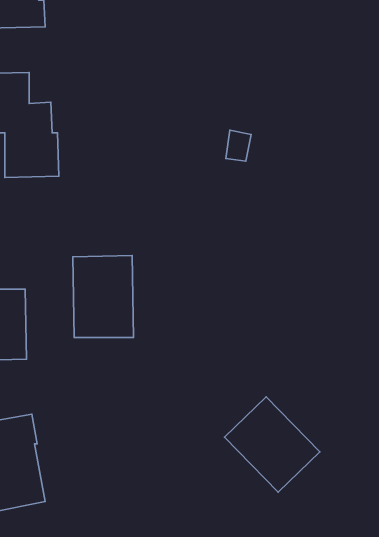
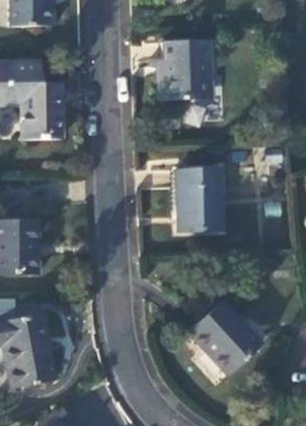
building: none -> [158,40,212,100]
building: [73,255,133,337] -> [178,170,224,232]

